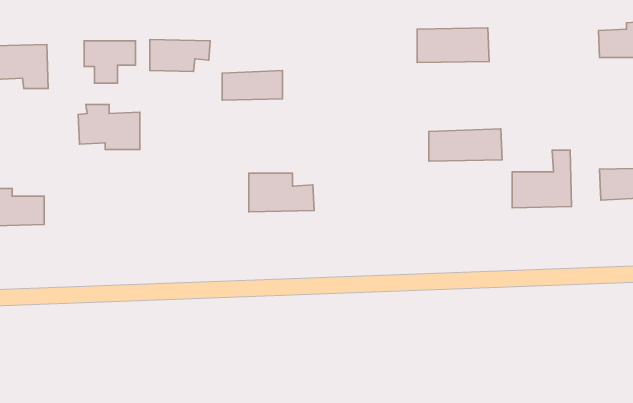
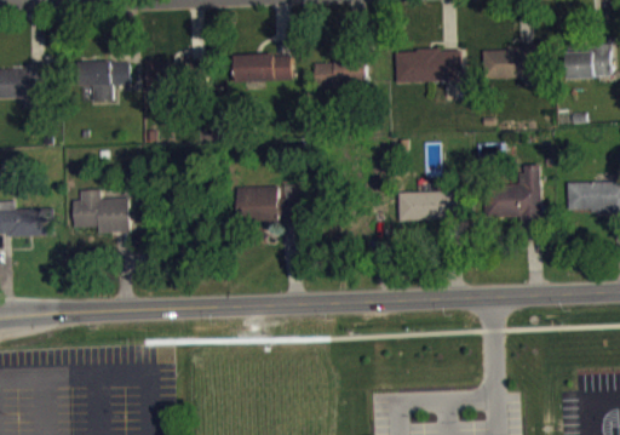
building: none -> [481,46,535,78]
building: none -> [314,55,364,85]
building: [222,71,282,100] -> [232,53,289,81]
building: [78,104,140,149] -> [70,190,128,233]
building: [429,129,502,161] -> [397,190,466,221]

